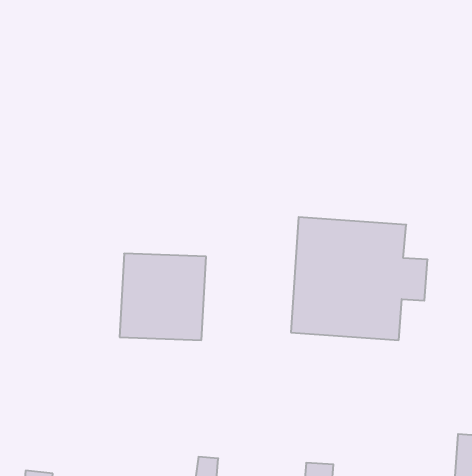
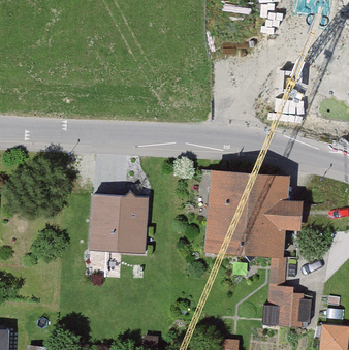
building: none -> [264,259,298,323]

